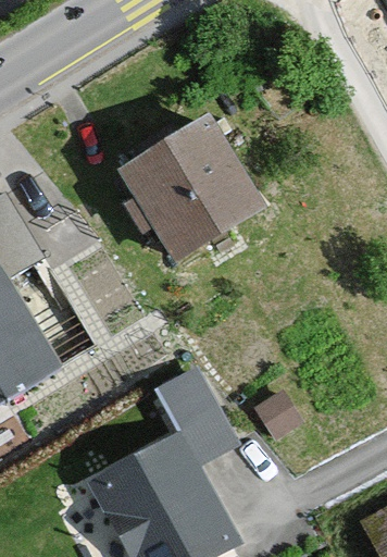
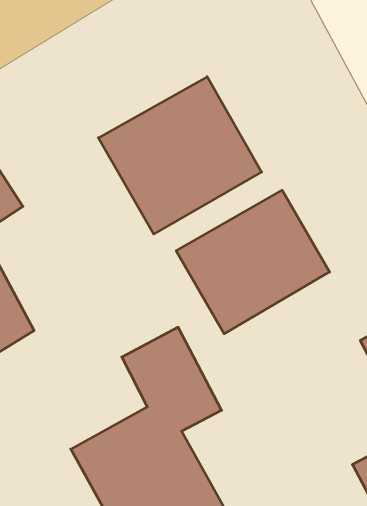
building: none -> [176,190,330,334]

